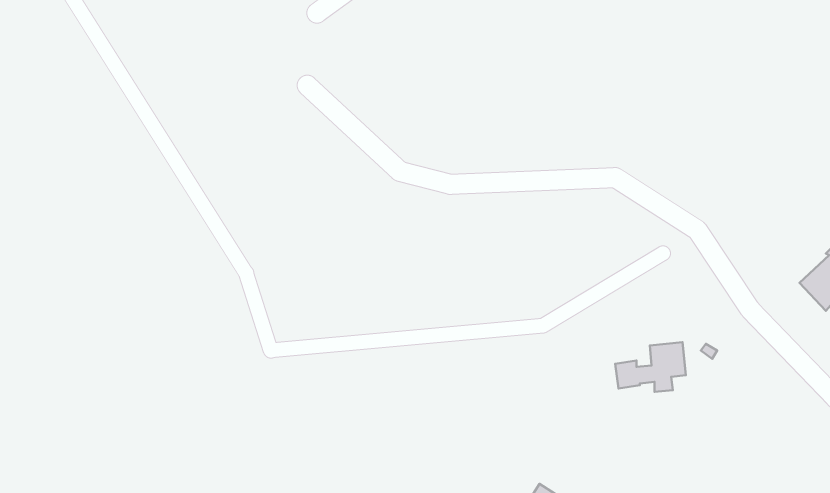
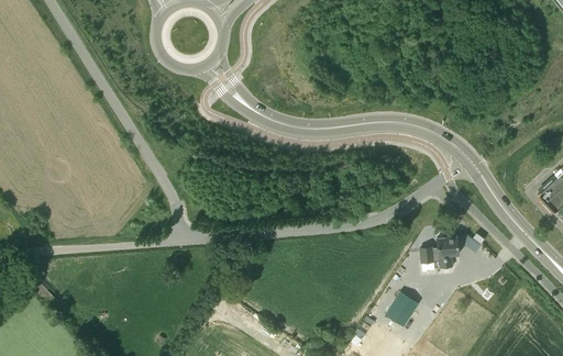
building: none -> [386,290,420,325]

